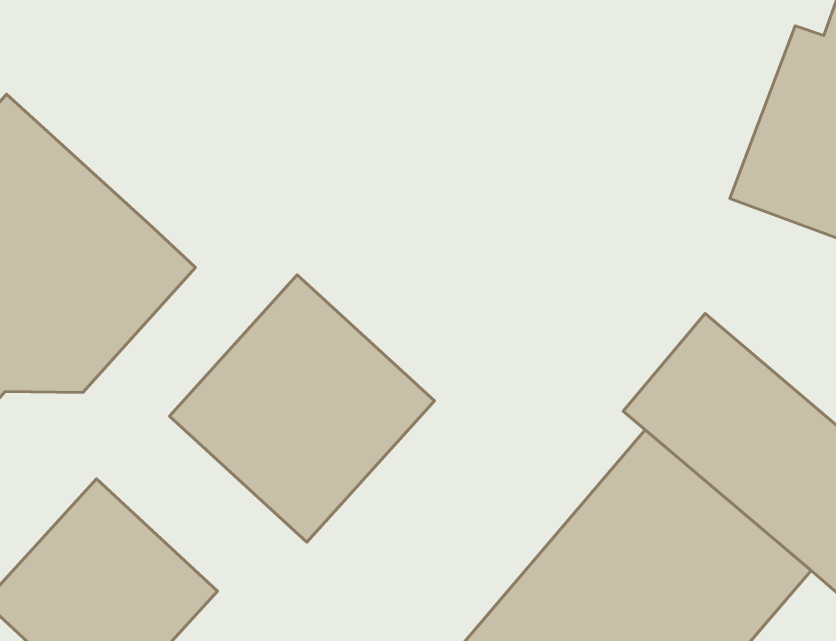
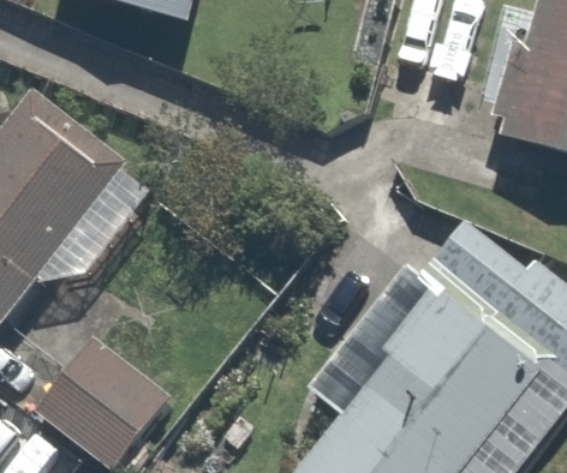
building: [169,275,435,542] -> none

